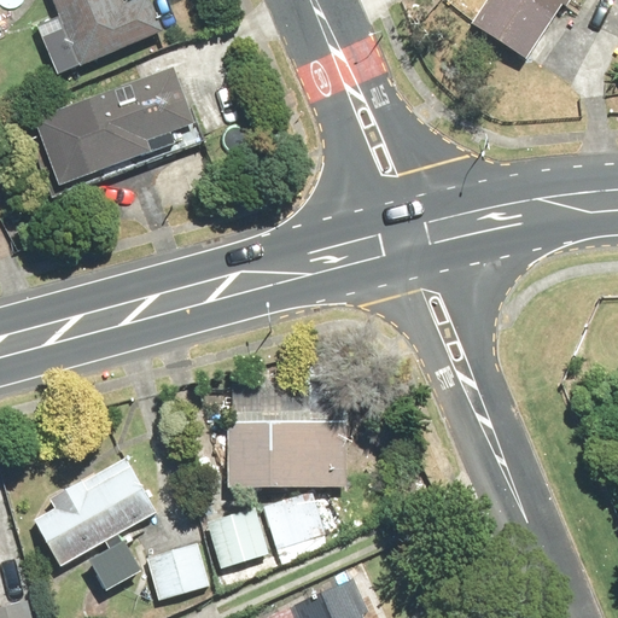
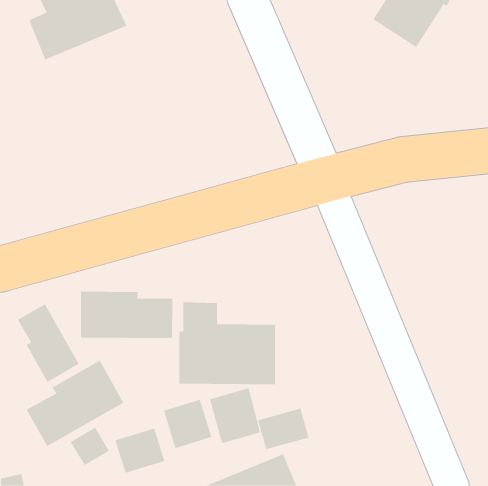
building: [31,65,206,197] -> none
building: none -> [81,291,173,339]
building: none -> [17,303,80,383]
building: none -> [257,408,309,450]

